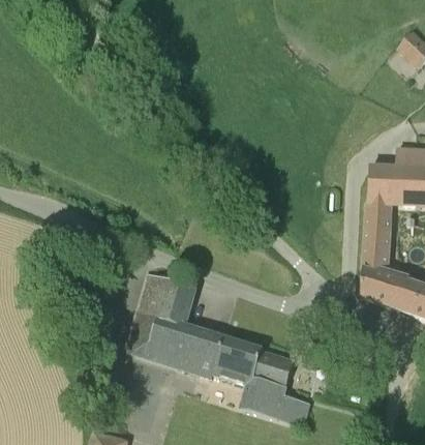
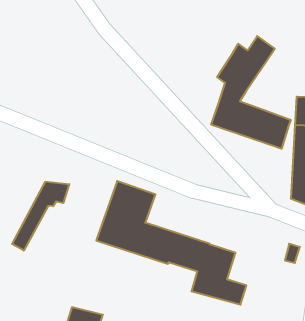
building: none -> [211,36,291,149]
building: none -> [12,182,69,251]

